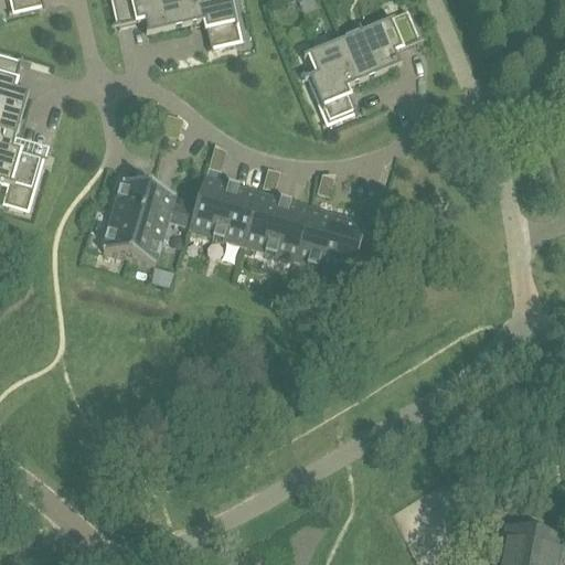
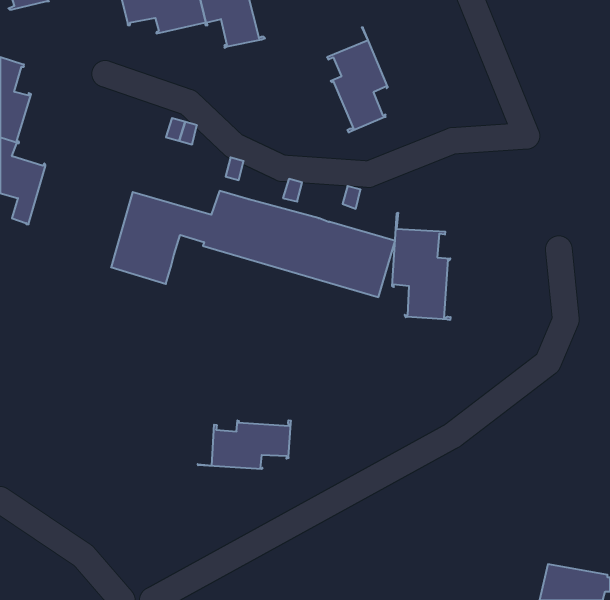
building: [335,6,418,81] -> none
building: none -> [392,213,451,320]
building: none -> [198,420,291,469]

